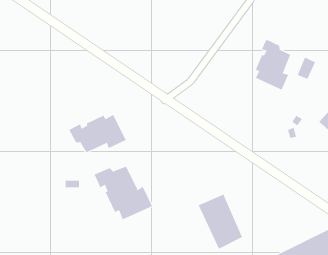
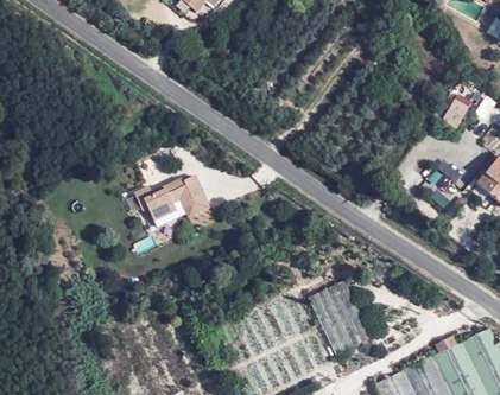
building: [255,39,291,90] -> none
building: [94,166,153,220] -> none

